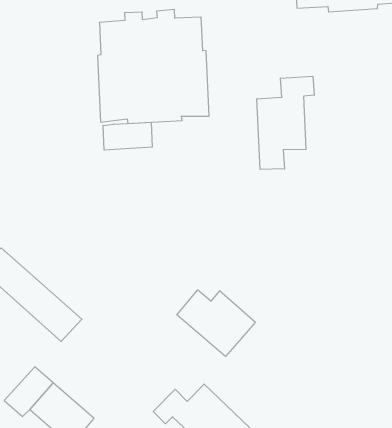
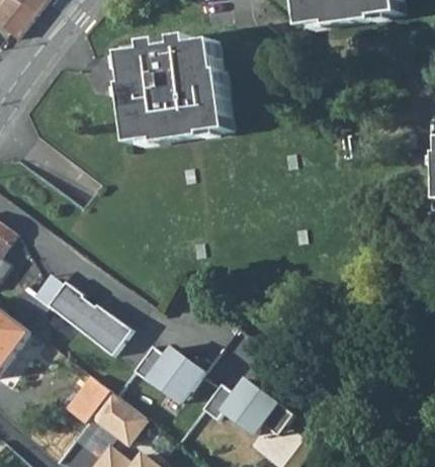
building: [257,76,314,169] -> none
building: [103,122,152,150] -> none
building: [177,290,255,356] -> [135,344,207,403]

